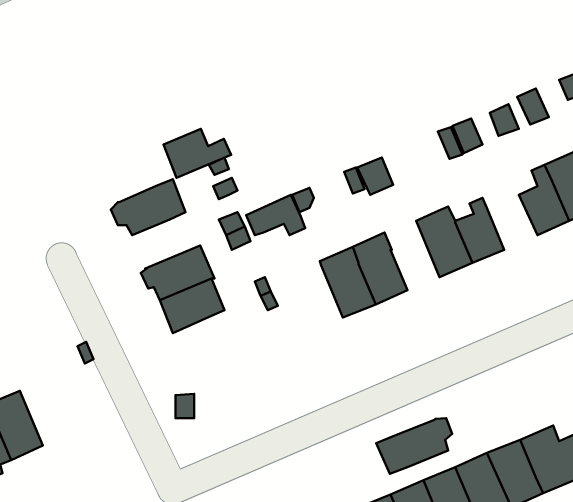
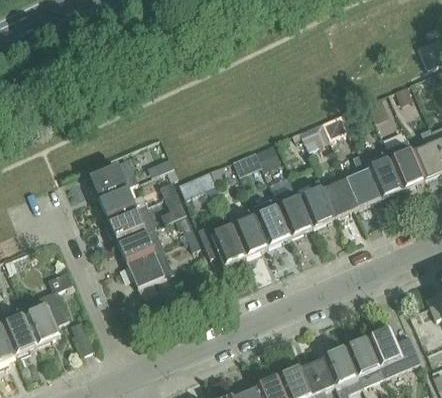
building: [163,129,231,178] -> [99,187,146,221]
building: none -> [345,154,380,208]
building: none -> [273,185,312,236]
building: none -> [197,219,245,265]
building: none -> [127,250,173,288]
building: none -> [21,291,69,344]
building: [376,418,452,474] -> none

